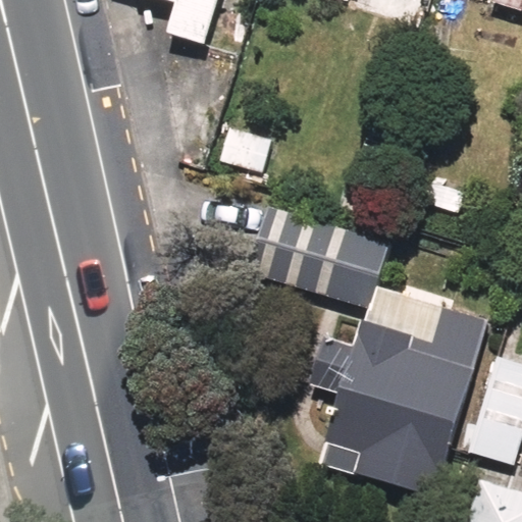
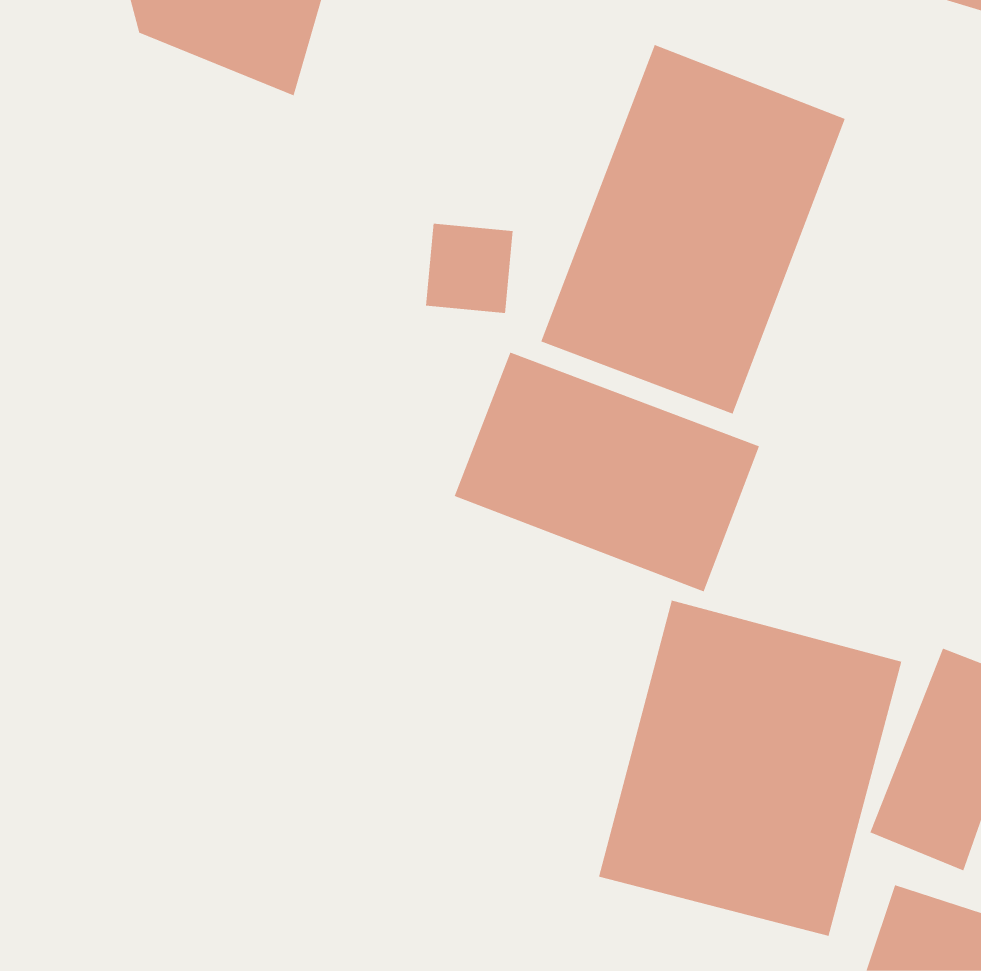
building: none -> [541,44,845,414]

